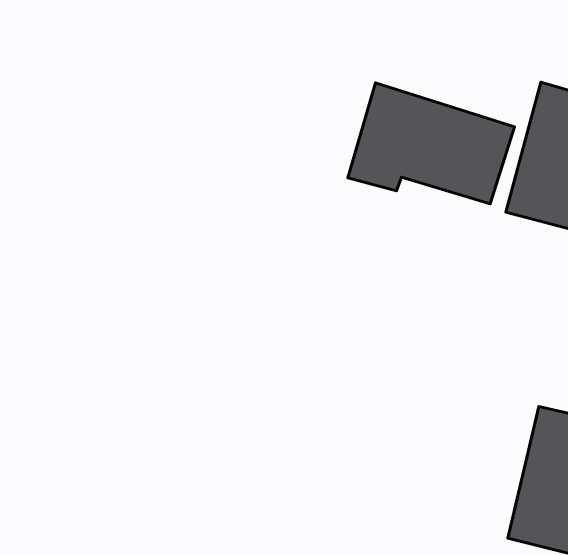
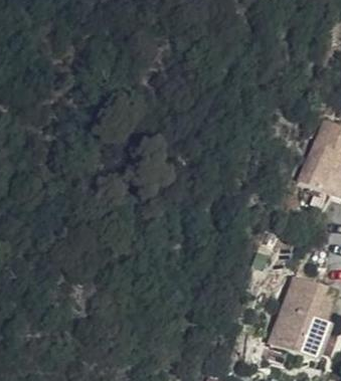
building: [348,83,514,204] -> none

